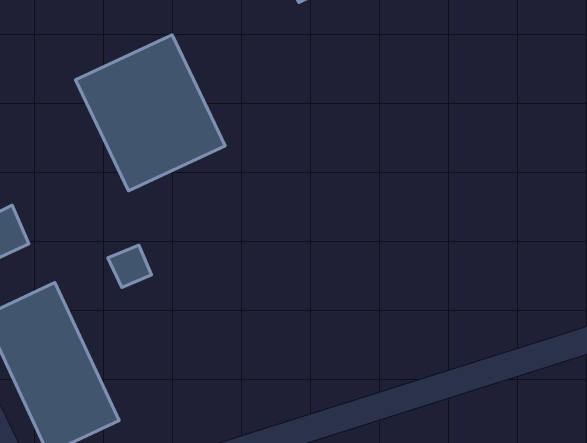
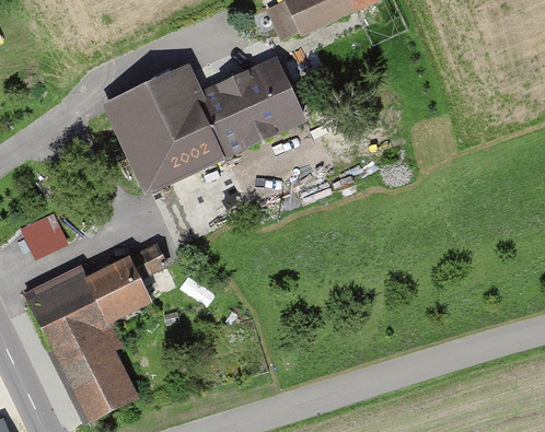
building: none -> [205,56,305,152]
building: none -> [91,257,153,326]

